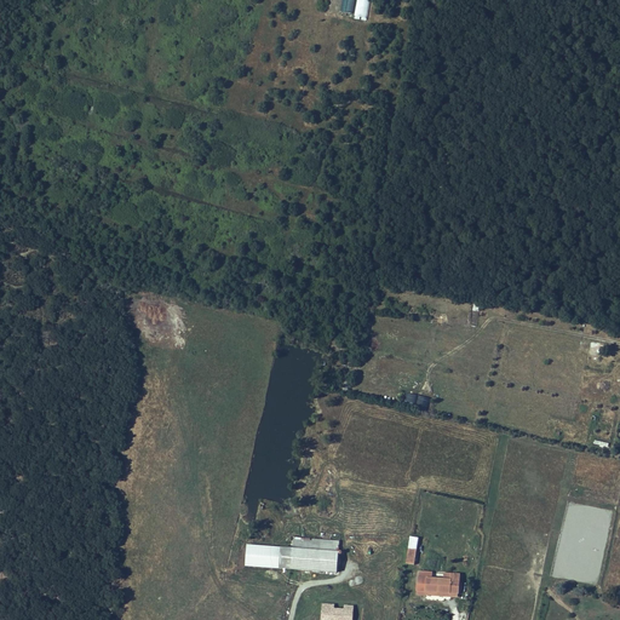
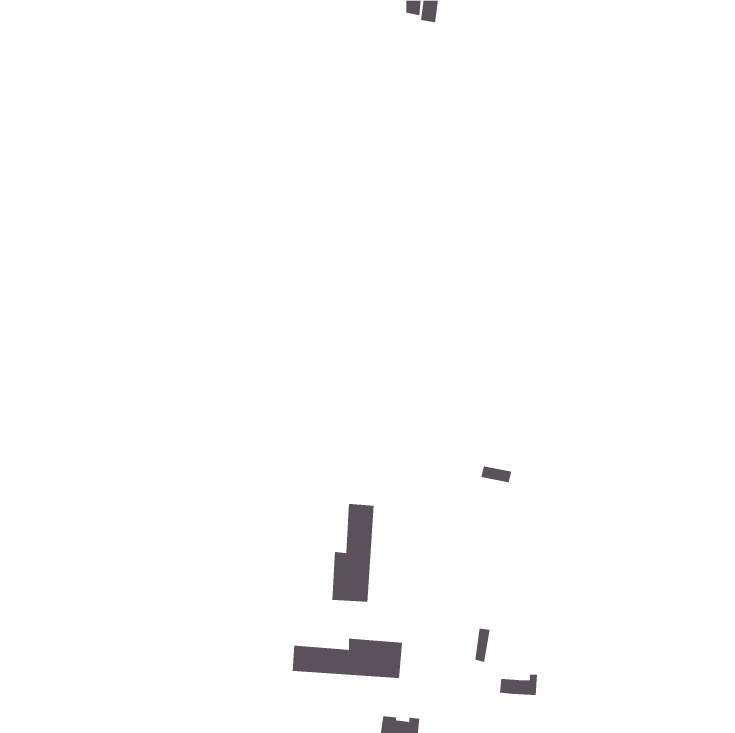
building: none -> [332,503,374,603]

